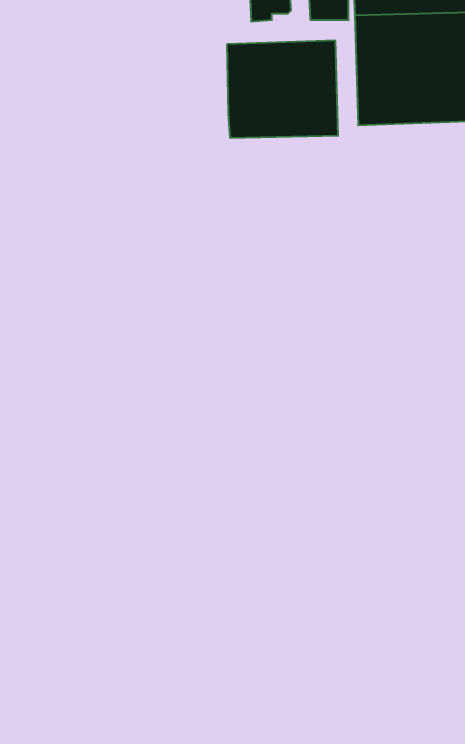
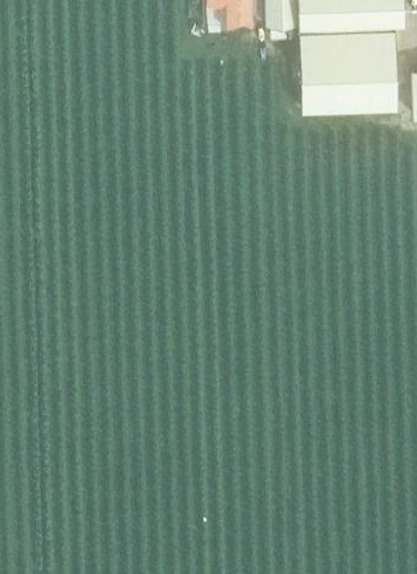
building: [227,40,338,138] -> none

